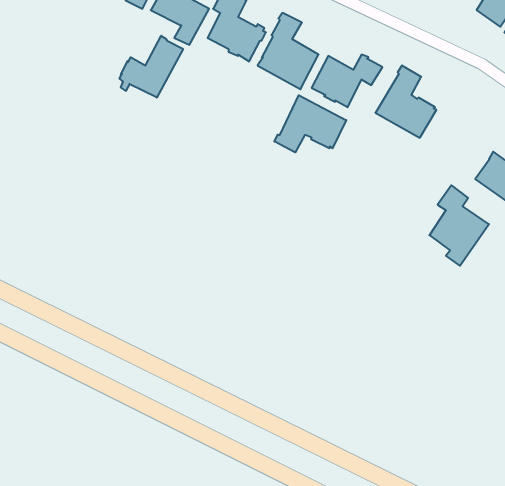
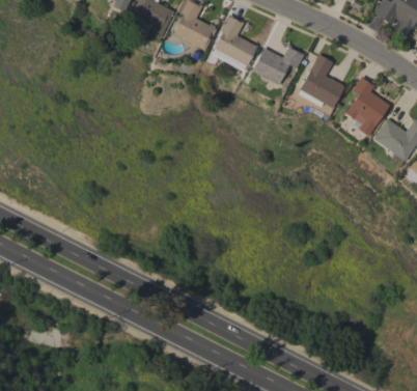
building: [119,36,183,98] -> none
building: [274,95,346,152] -> none
building: [429,185,489,266] -> [345,76,390,136]

